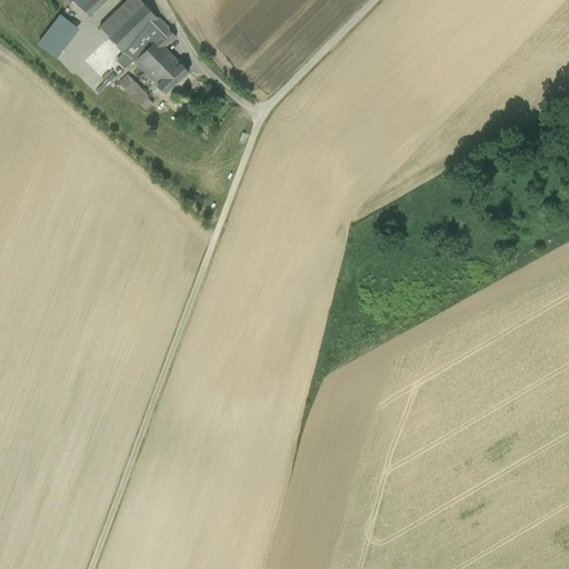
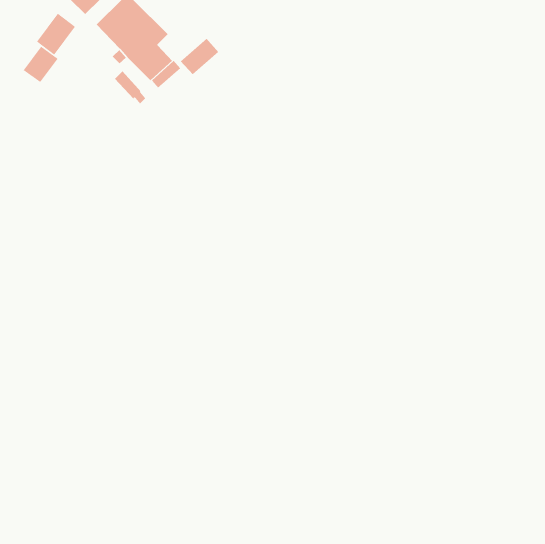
building: none -> [180,38,219,75]
building: none -> [23,46,59,83]

